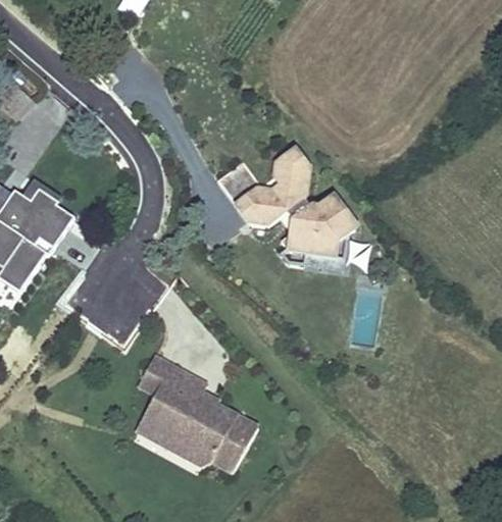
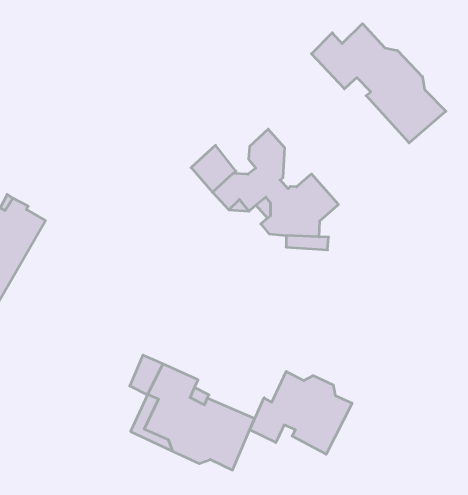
building: none -> [311,24,446,143]
building: none -> [250,371,352,454]

